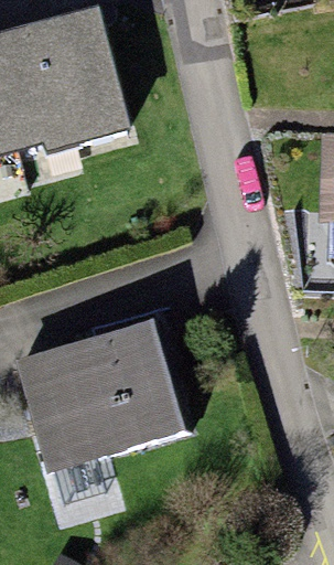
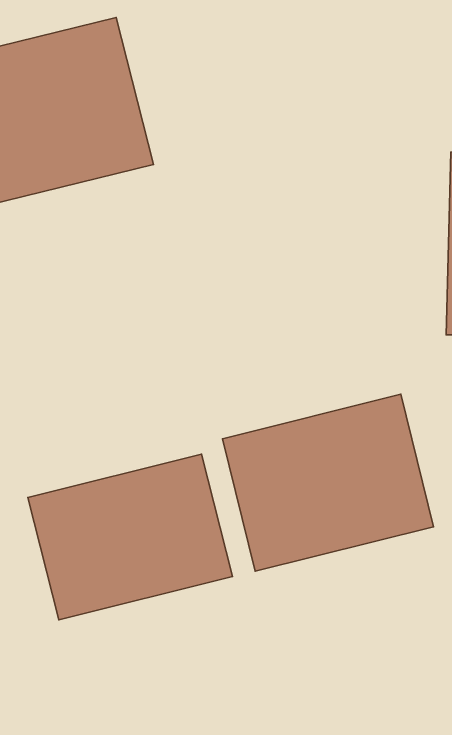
building: none -> [223,394,433,571]

